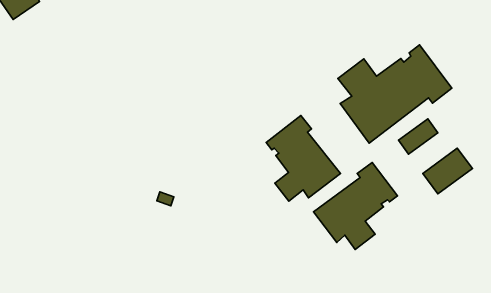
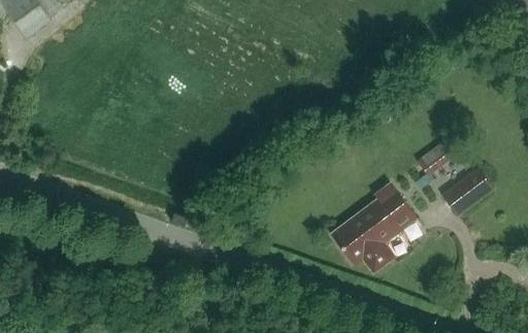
building: [338,45,452,143] -> none
building: [266,115,340,201] -> none

